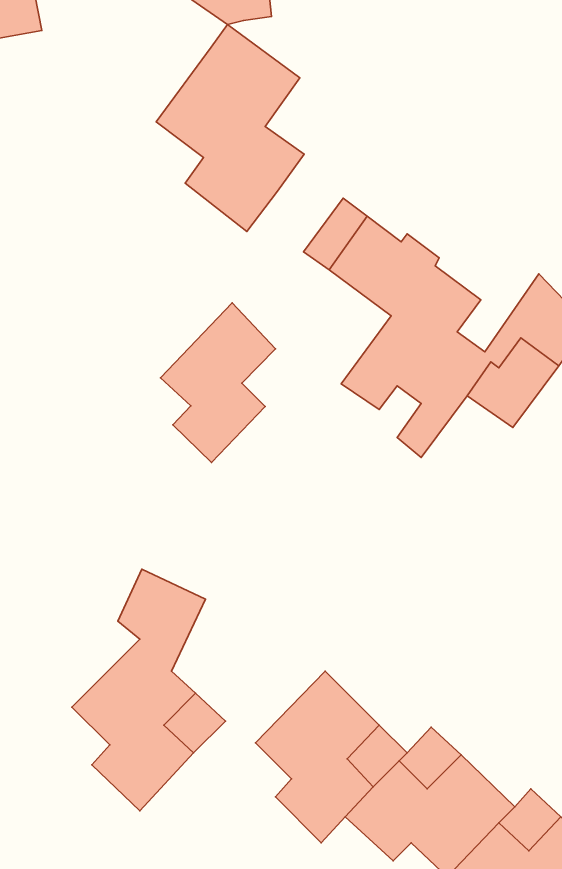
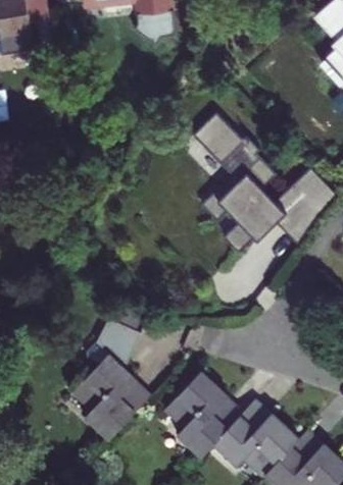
building: [156,24,304,231] -> none
building: [160,303,275,462] -> none

